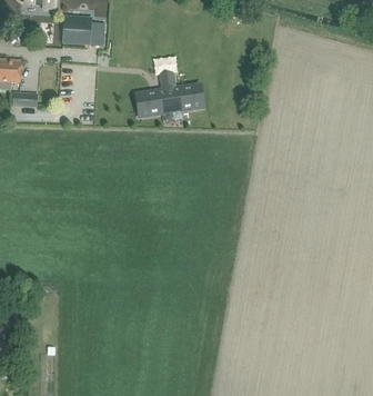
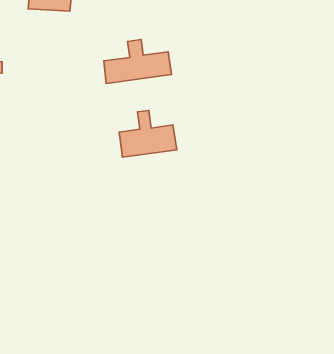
building: none -> [119,111,177,157]

